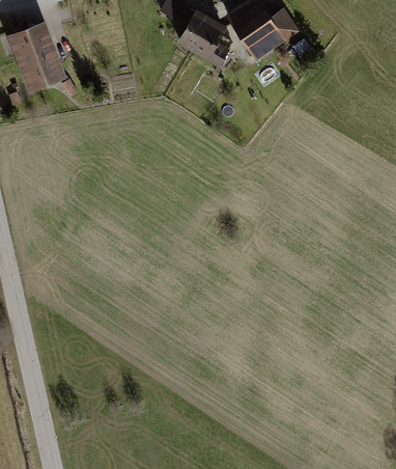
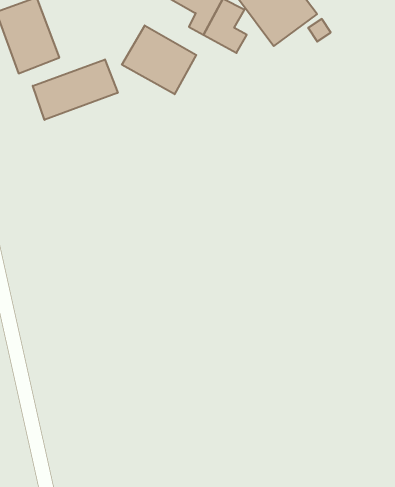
building: none -> [122,25,196,94]
building: none -> [33,59,118,120]

